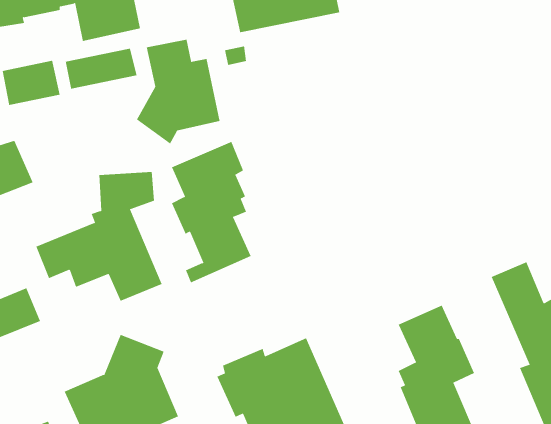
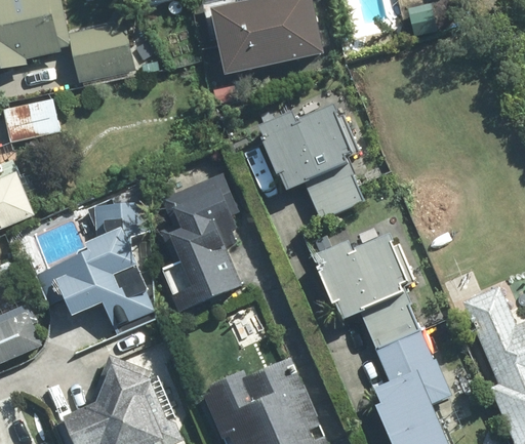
building: [136,39,220,145] -> none
building: [65,48,137,90] -> none
building: none -> [261,109,363,219]
building: none -> [317,236,418,349]

